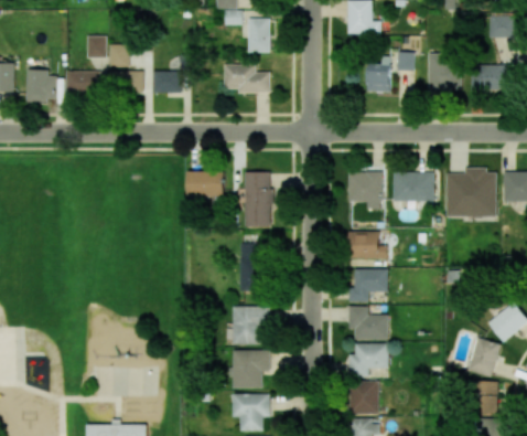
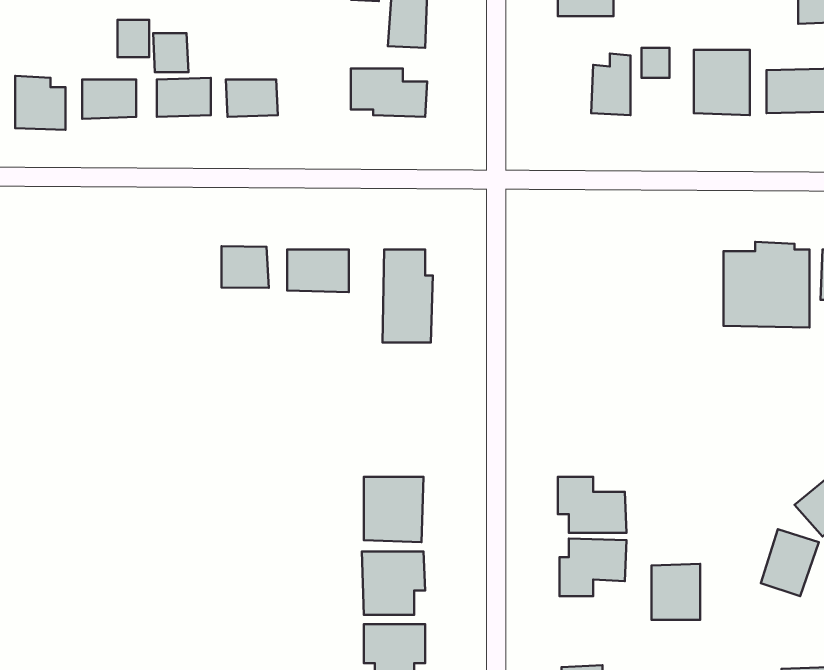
building: none -> [222,246,269,288]
building: [348,172,381,210] -> none
building: [392,172,433,202] -> none
building: [347,232,387,259] -> none
building: [238,243,260,293] -> none
building: [348,269,387,302] -> none
building: [349,381,378,414] -> [652,564,700,620]
building: [473,382,498,414] -> none

